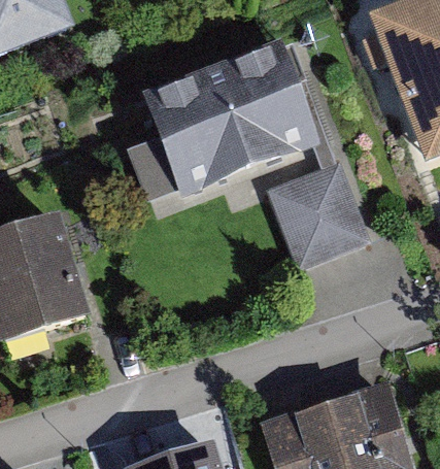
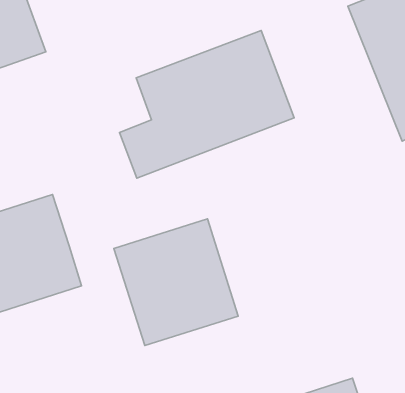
building: [276,160,374,262] -> none
building: none -> [114,219,238,346]

